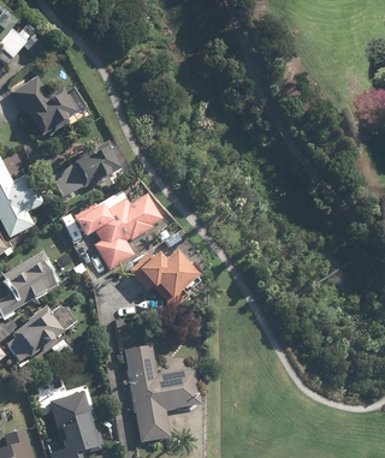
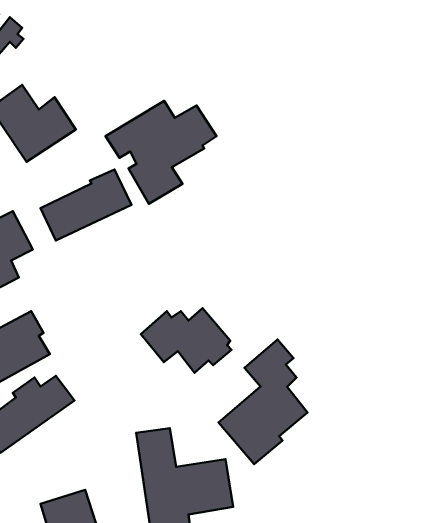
building: [75,191,161,272] -> [106,101,217,204]
building: none -> [219,339,307,464]

